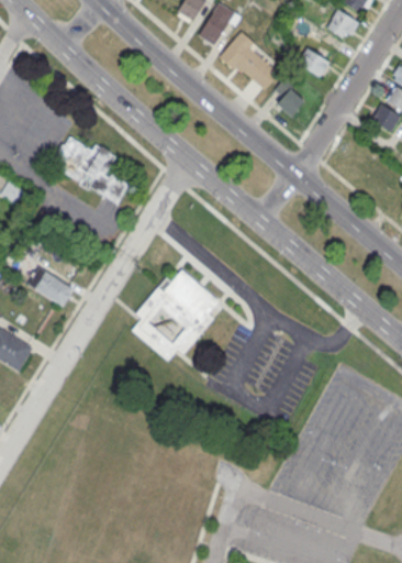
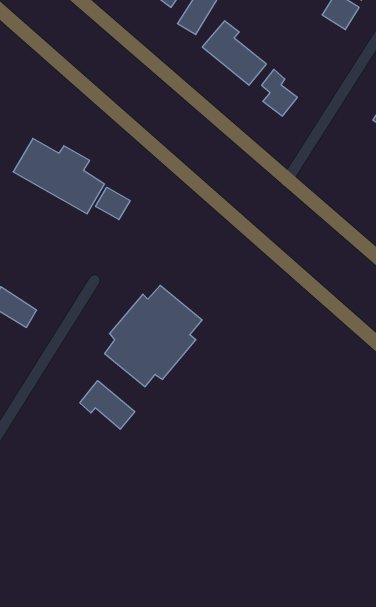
building: [298,46,330,76] -> none
building: none -> [96,187,130,220]
building: none -> [80,381,135,429]

